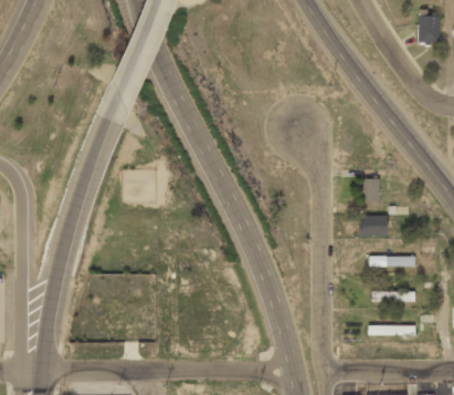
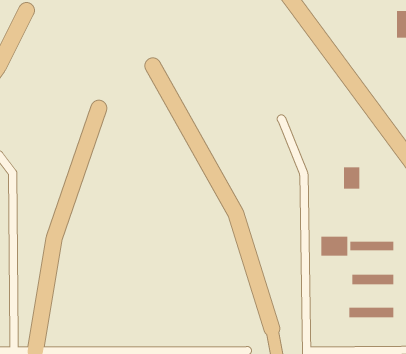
building: [359,215,388,236] -> [320,236,348,256]

